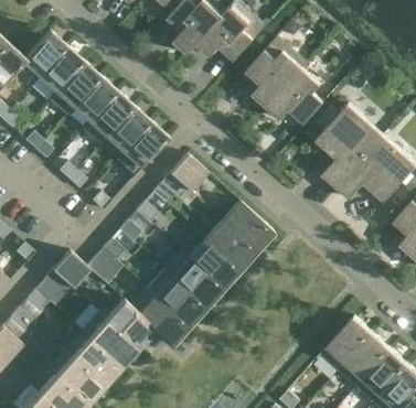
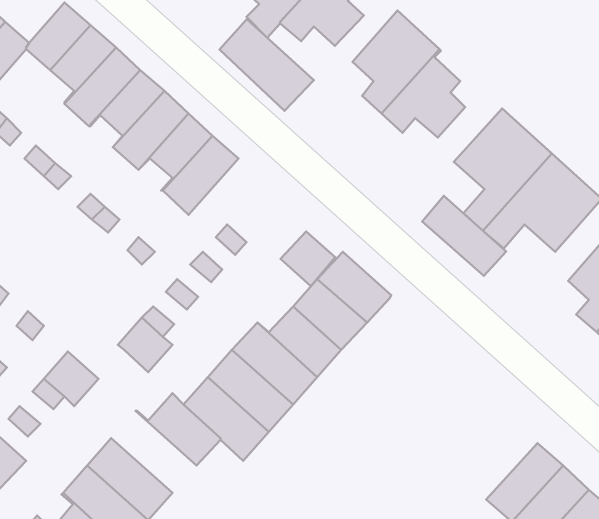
building: none -> [220,19,314,111]
building: [169,154,206,192] -> [280,231,335,286]
building: none -> [422,196,506,276]
building: [51,251,89,289] -> none
building: [81,311,139,367] -> none
building: [319,316,373,372] -> none

